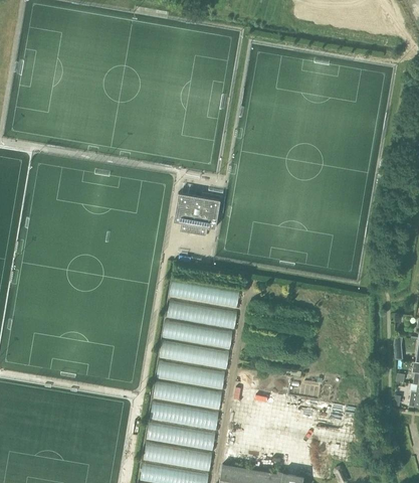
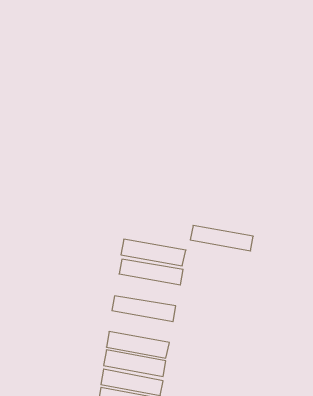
building: [174,193,221,235] -> none
building: [163,322,232,350] -> [190,225,253,251]
building: [157,362,225,390] -> none

